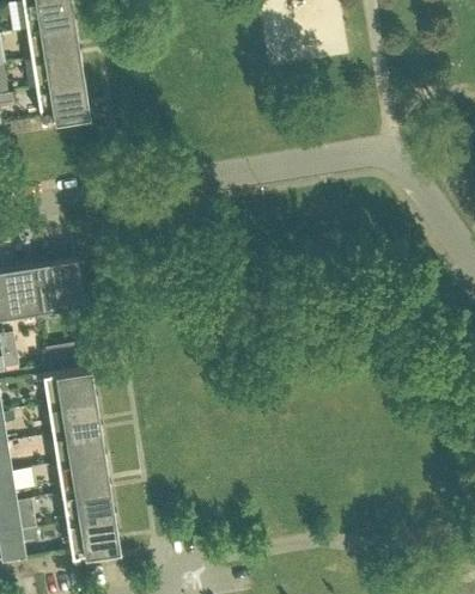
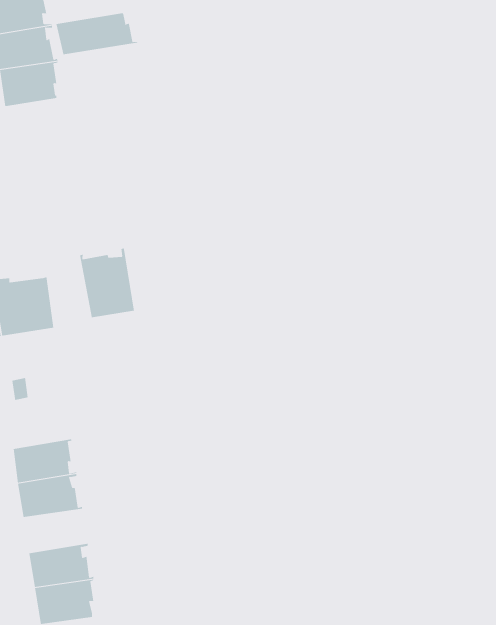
building: none -> [56,11,139,55]
building: none -> [80,247,135,318]
building: [43,369,98,409] -> none
building: [57,459,112,496] -> none

